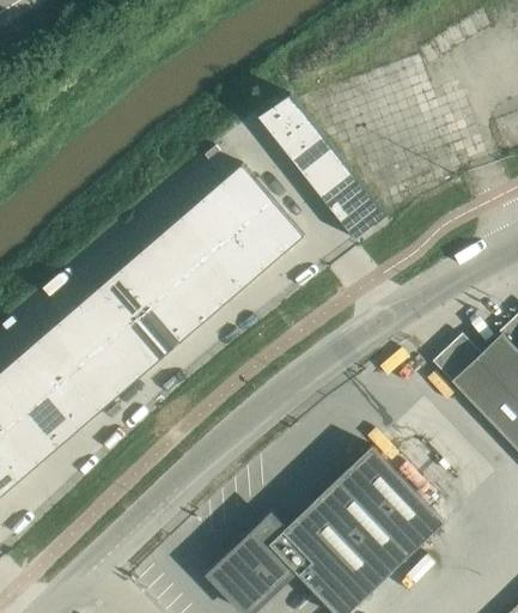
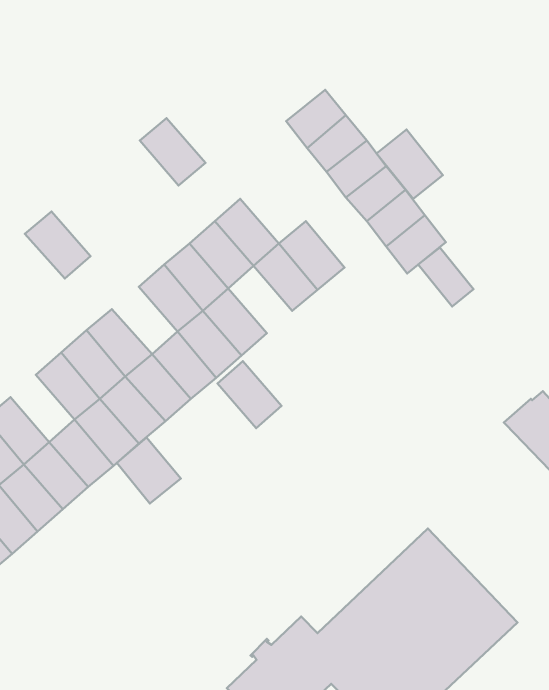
building: none -> [377,130,443,199]
building: [221,164,274,218] -> [140,118,205,185]
building: none -> [418,247,474,306]
building: [212,236,263,290] -> [218,361,282,428]
building: [118,253,171,306] -> [25,211,90,279]
building: [37,323,89,377] -> none
building: none -> [117,438,181,504]

